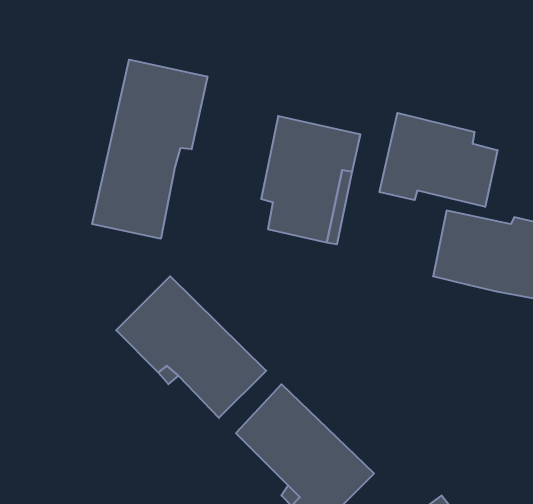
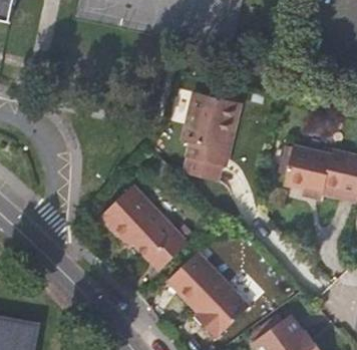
building: [92,60,207,239] -> none
building: [380,113,498,207] -> none

